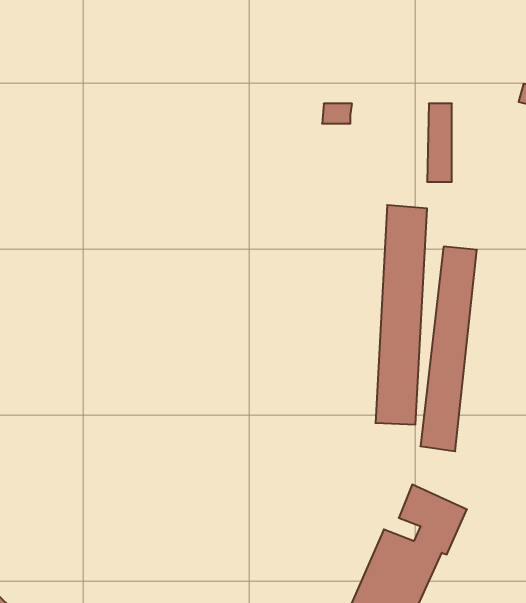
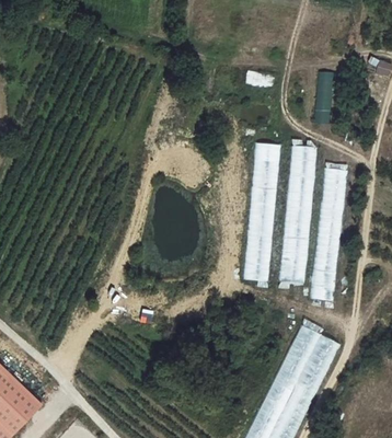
building: none -> [245,143,278,281]

